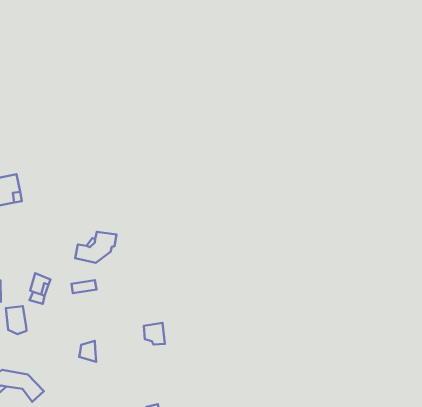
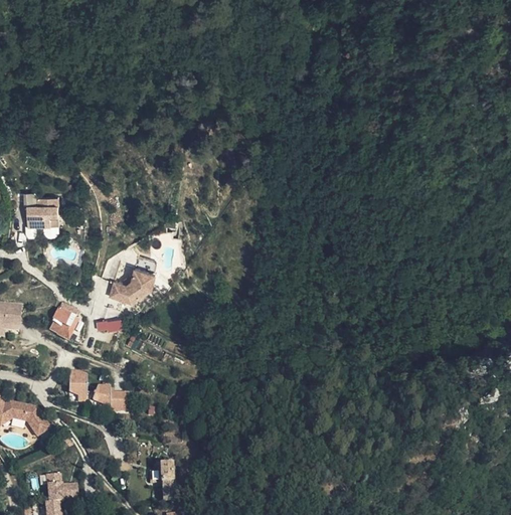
building: [6,306,27,334] -> [69,370,89,399]
building: [144,323,165,345] -> [110,392,131,414]

